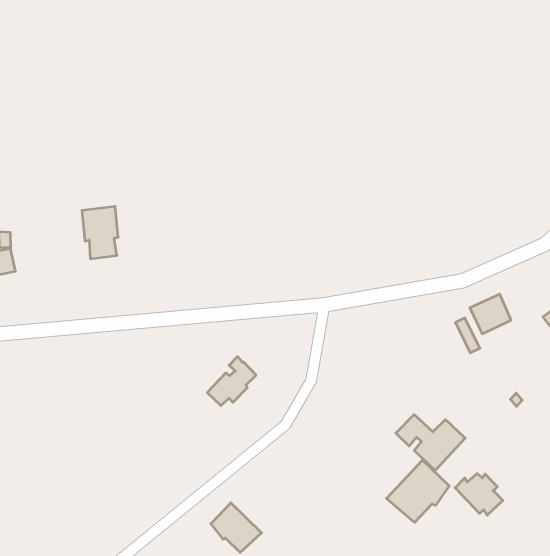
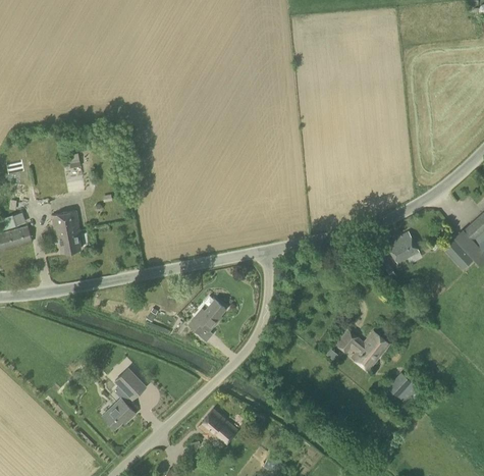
building: [82,206,118,259] -> [52,212,82,254]
building: none -> [103,369,146,429]
building: [386,460,449,522] -> none

